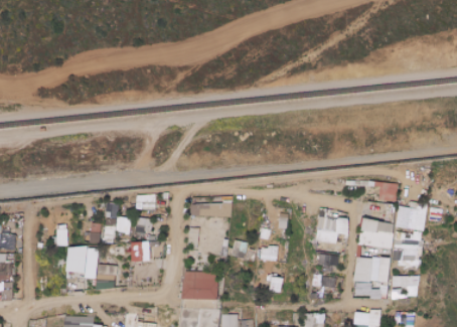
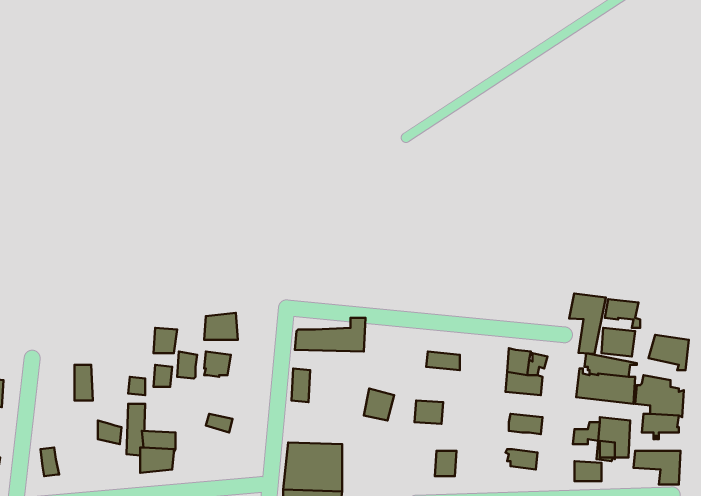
building: none -> [569,293,606,354]

